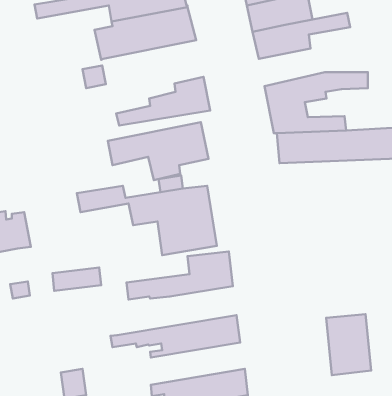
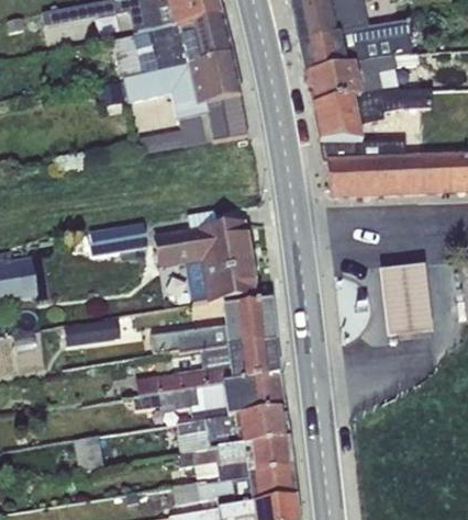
building: none -> [307,52,421,105]
building: [108,122,208,180] -> [124,52,242,120]
building: none -> [137,339,280,396]
building: [326,314,371,375] -> [380,270,433,341]
building: none -> [177,405,290,454]

